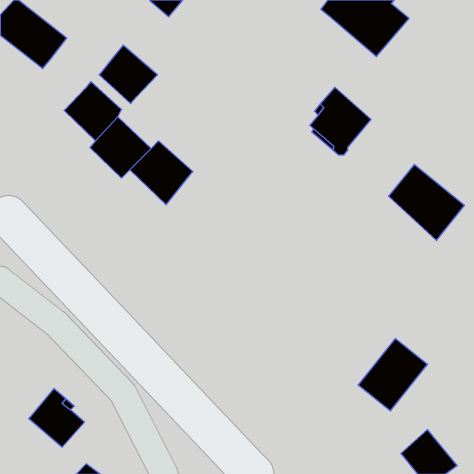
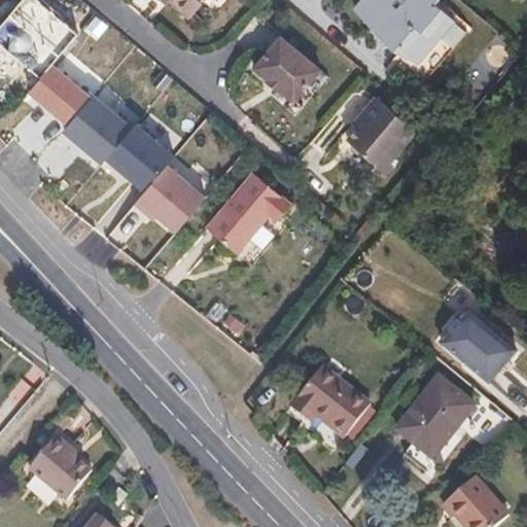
building: none -> [254,34,321,99]
building: [99,45,157,104] -> [30,65,95,130]
building: none -> [207,172,290,252]
building: [388,165,464,241] -> [431,302,516,386]
building: none -> [292,367,370,436]

